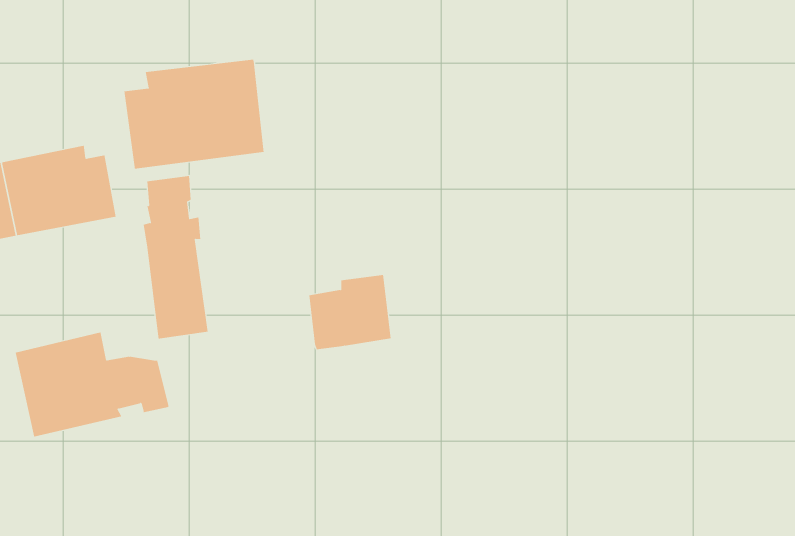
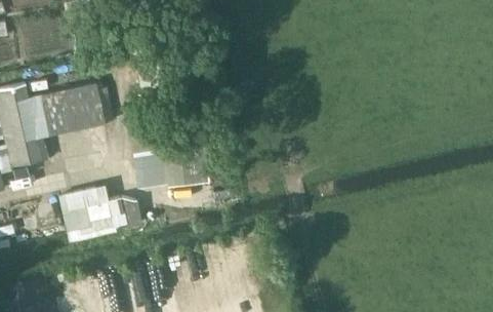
building: [124,59,264,169] -> none
building: [309,274,391,350] -> [164,146,209,187]

